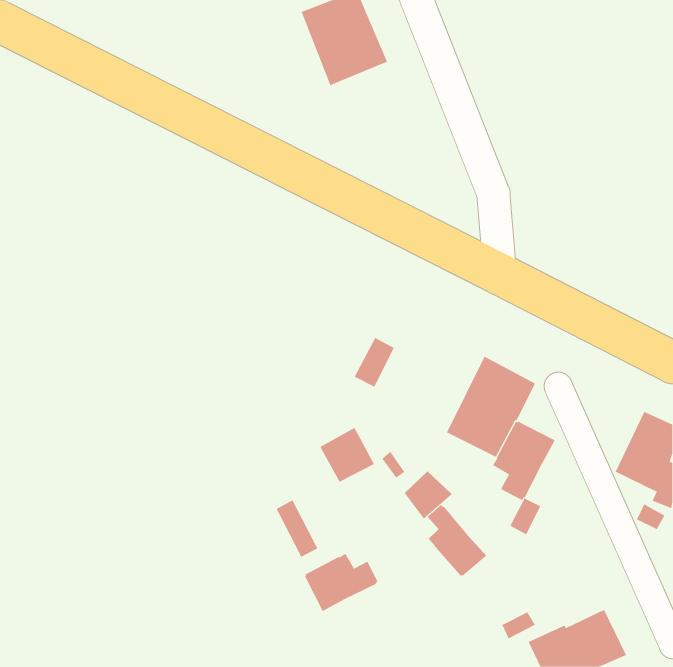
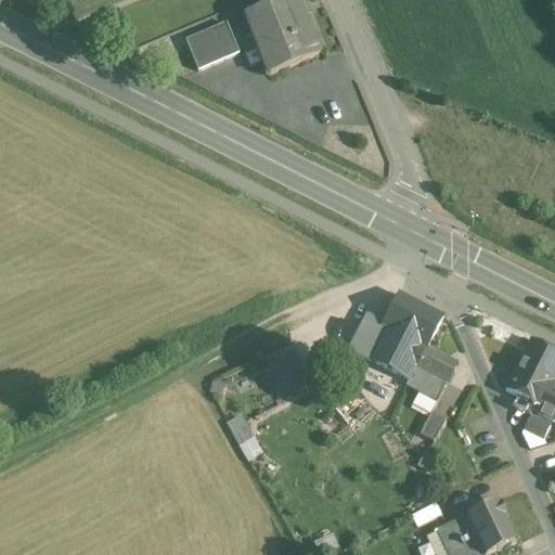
building: none -> [183,20,238,67]
building: [354,337,395,387] -> [349,314,383,356]
building: [427,504,487,577] -> none
building: [304,553,379,612] -> none

